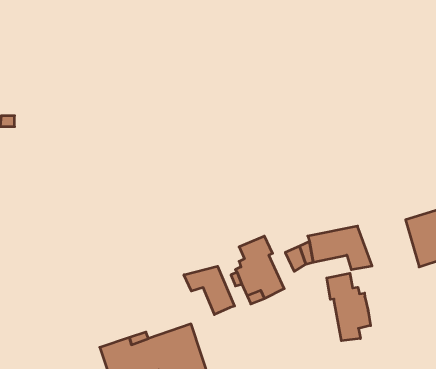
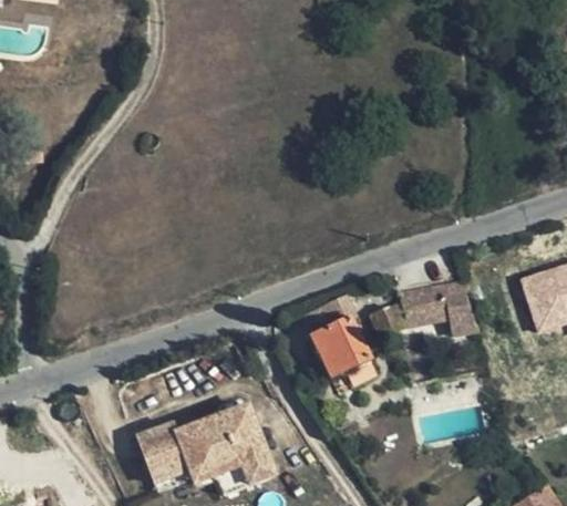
building: [184,266,235,315] -> none
building: [327,273,371,341] -> none

